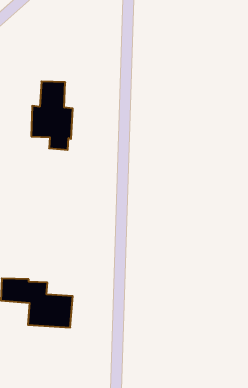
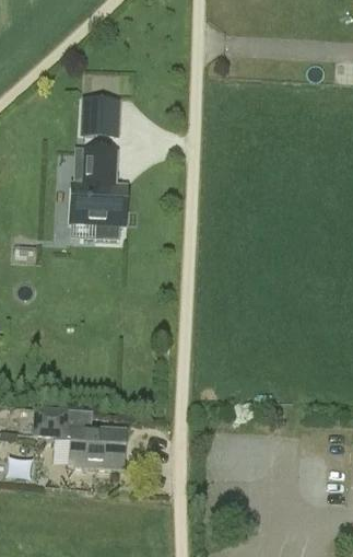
building: none -> [94,95,117,136]

